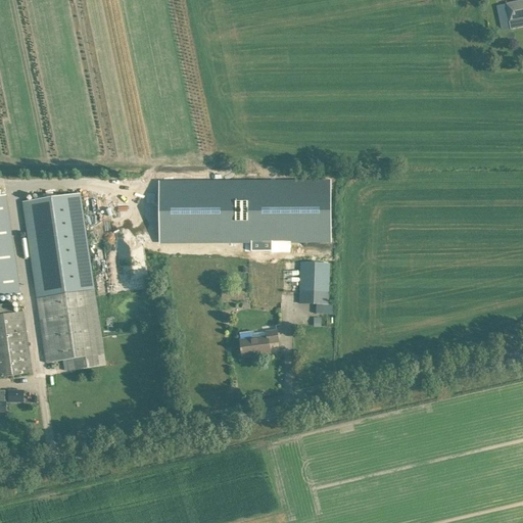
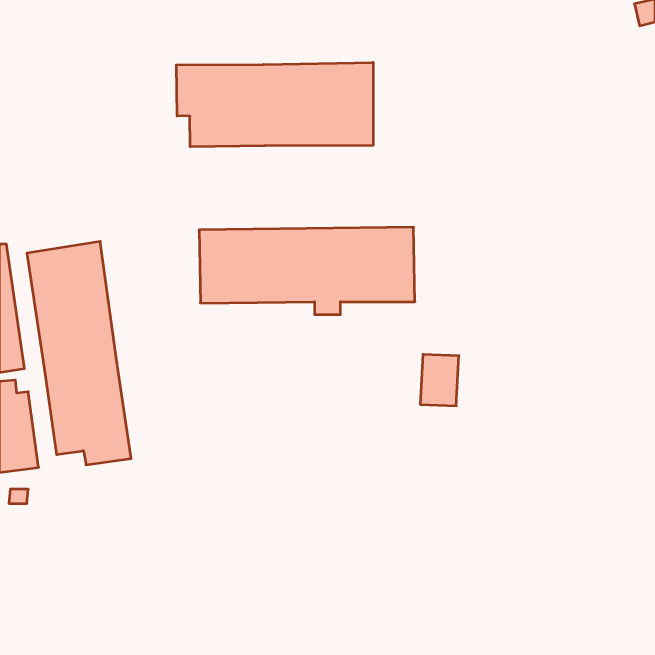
building: none -> [176,62,373,147]
building: [298,263,329,303] -> [420,354,459,406]
building: [240,329,278,356] -> none

